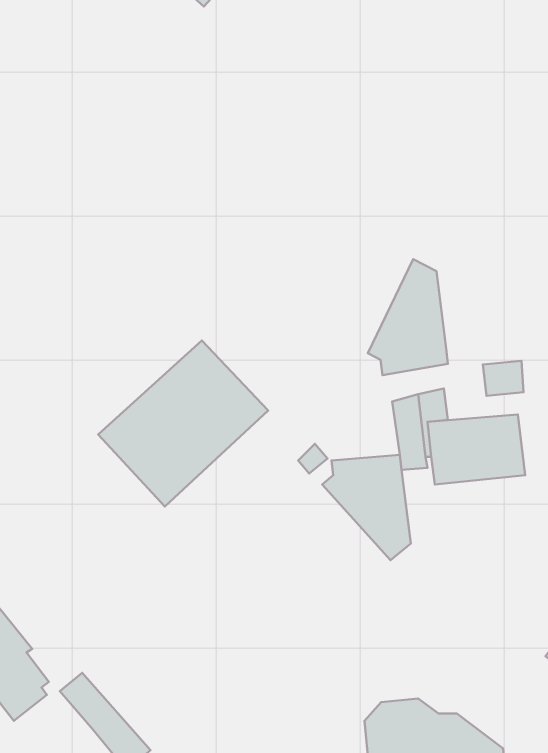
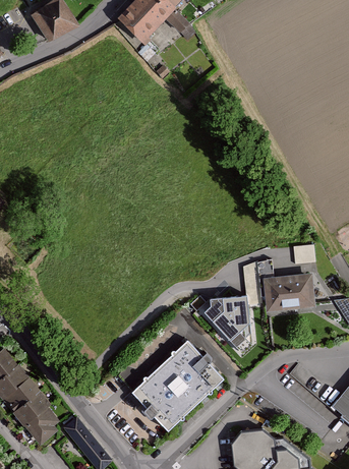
building: [368,259,448,375] -> none
building: [98,341,268,507] -> [133,340,227,431]

